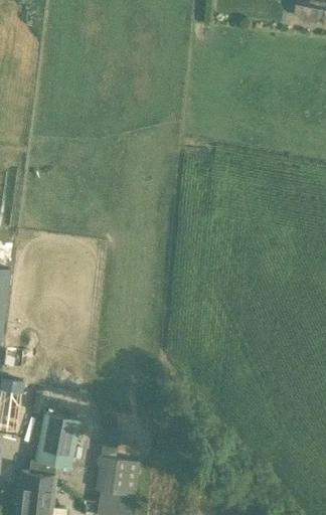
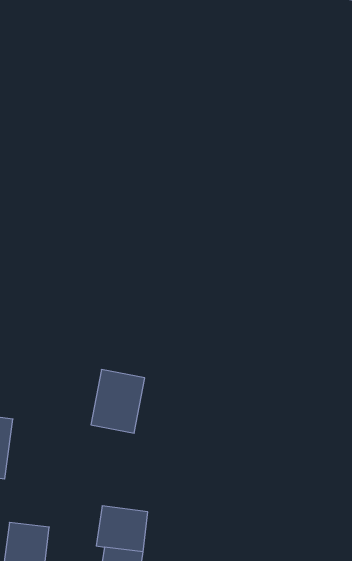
building: [34,412,80,467] -> [91,370,145,433]

